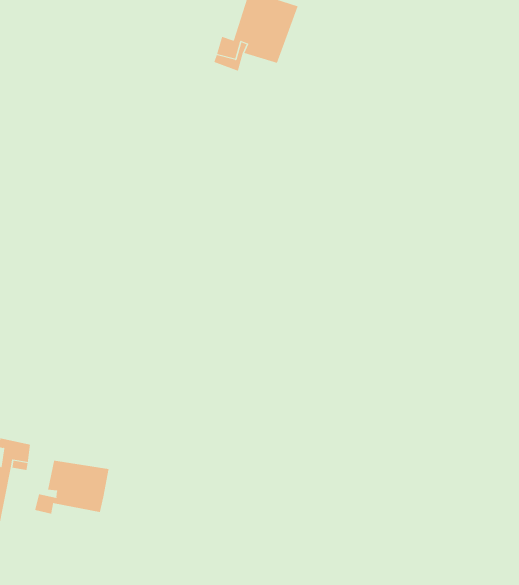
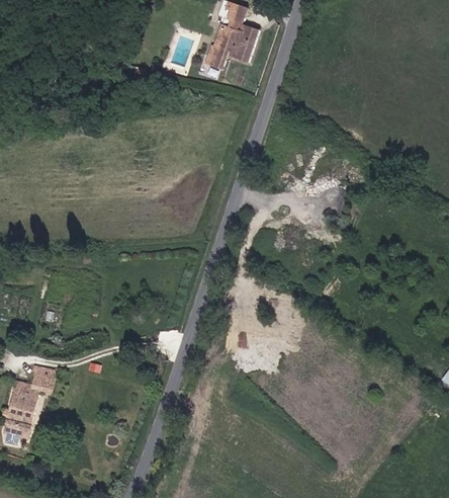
building: [35,460,109,514] -> none

